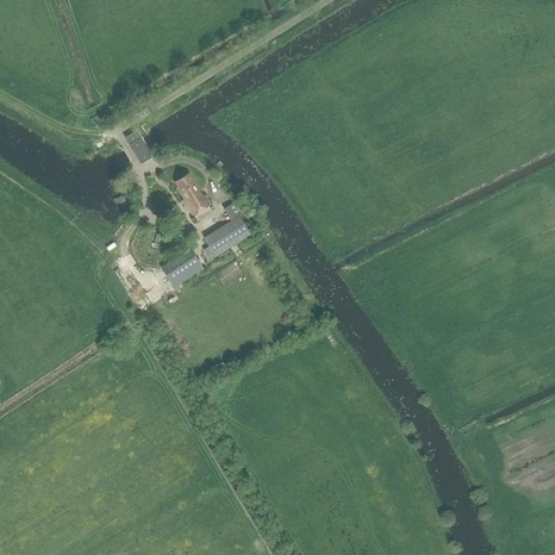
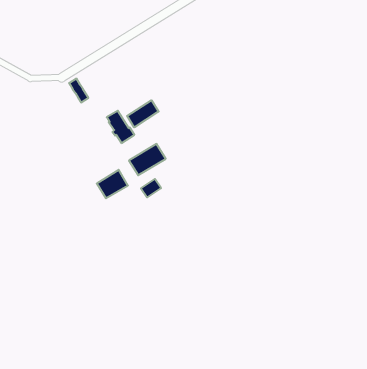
building: none -> [127,100,159,127]

